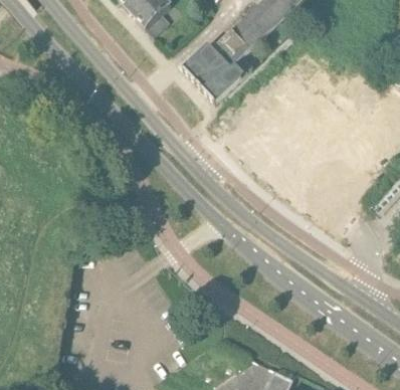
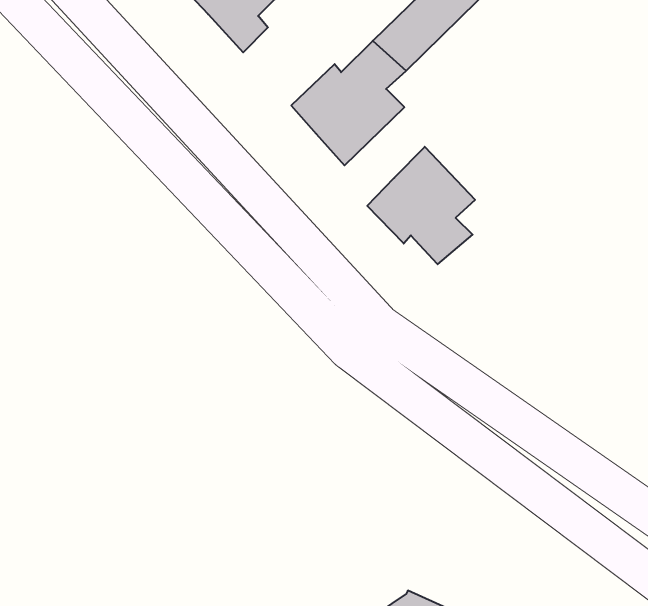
building: none -> [367,147,475,264]

